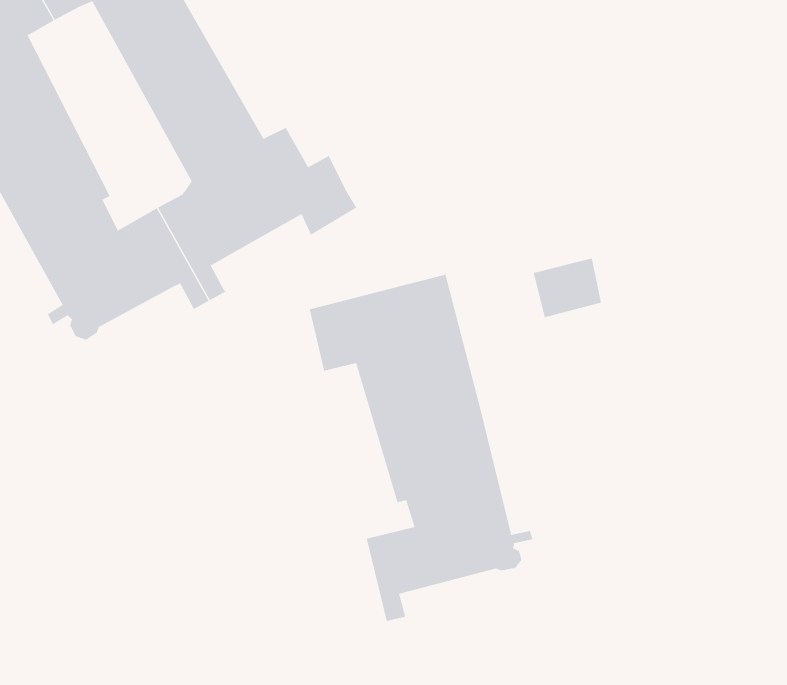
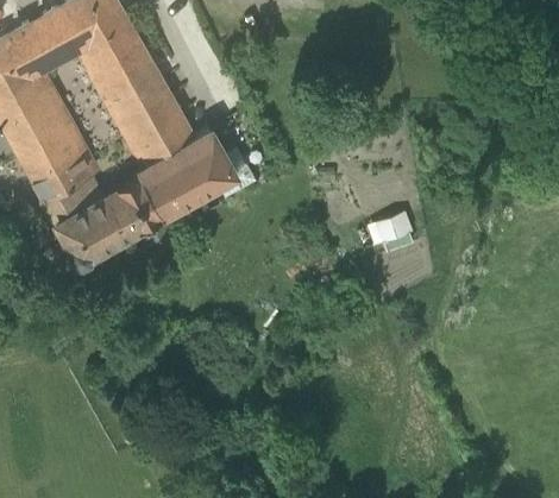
building: [309,274,533,622] -> none

